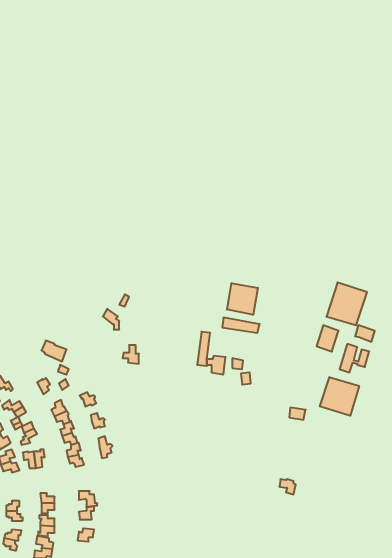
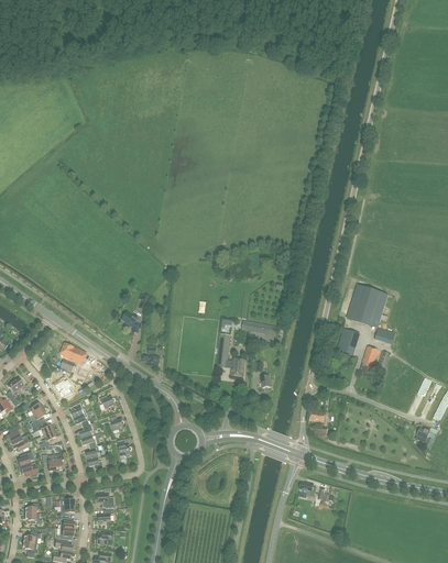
building: [227,283,258,315] -> none
building: [320,377,359,416] -> none

